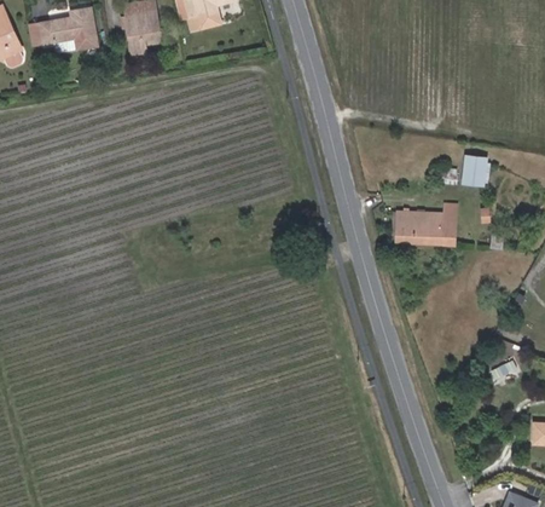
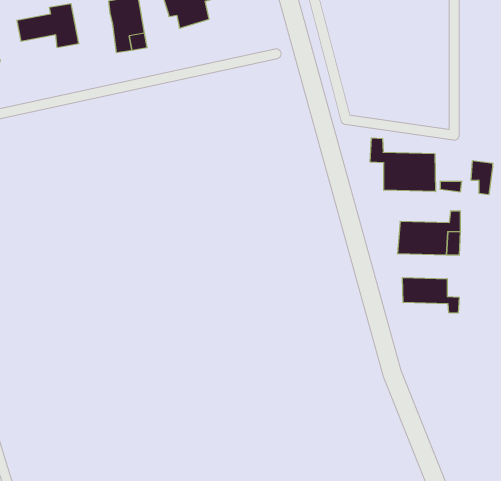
building: none -> [370,138,436,192]
building: none -> [402,278,459,313]

